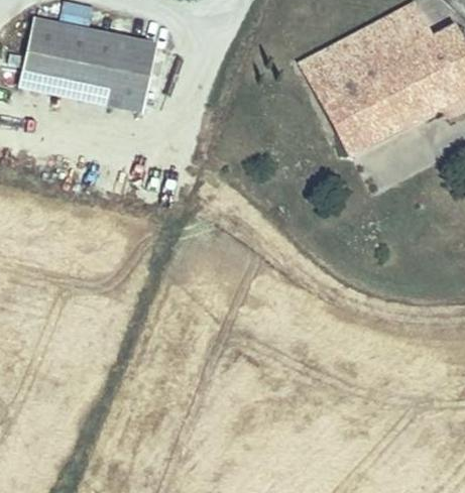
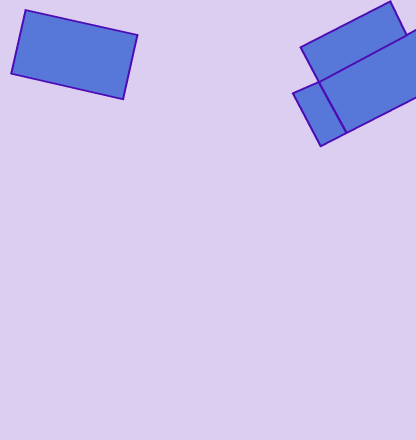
building: [300,54,345,103] -> none

